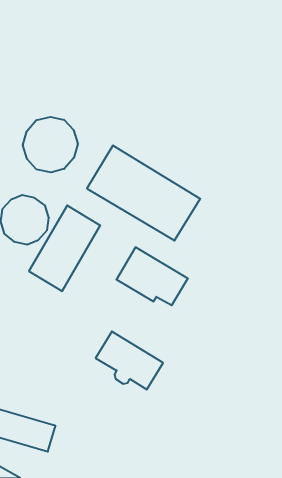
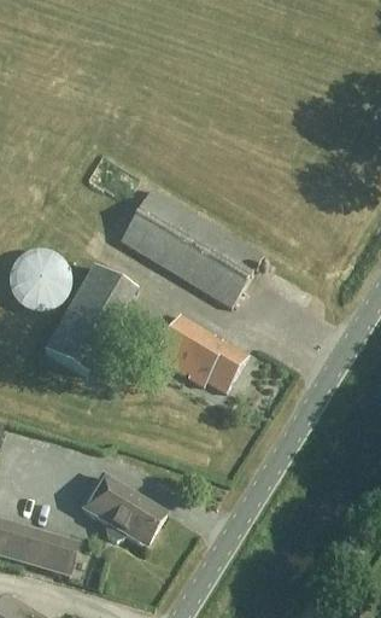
building: [23,117,78,172] -> none
building: [96,331,163,389] -> [81,474,166,548]

